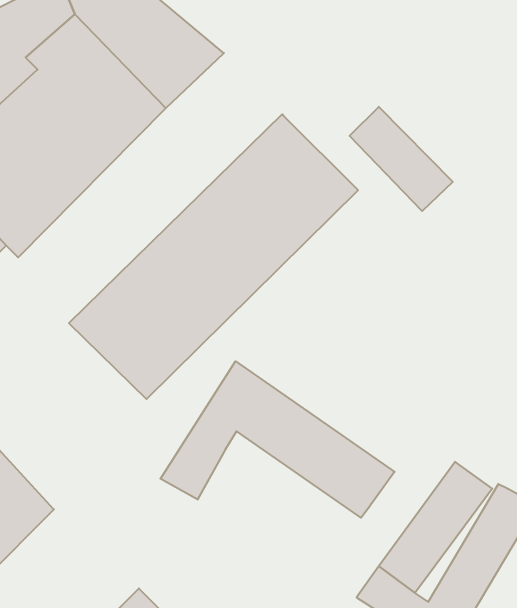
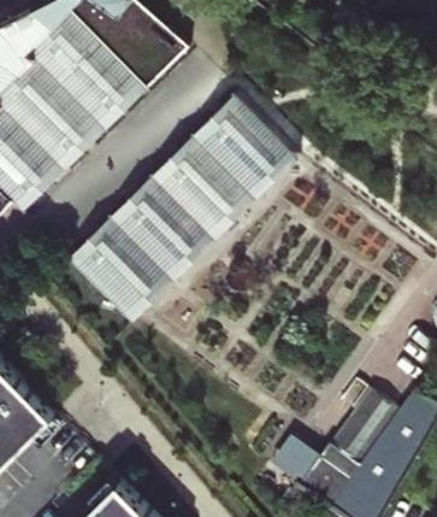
building: [350,107,453,211] -> none
building: [160,361,395,518] -> none
building: none -> [266,441,313,487]

